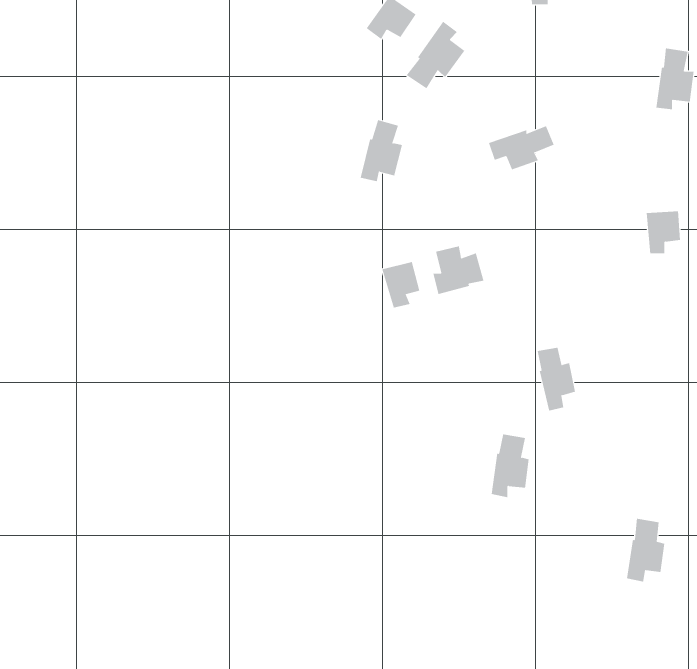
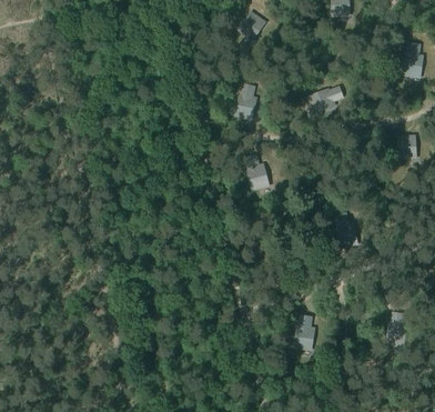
building: [406,21,465,89] -> none
building: [433,246,484,295] -> none
building: [491,434,530,498] -> [293,314,315,351]

